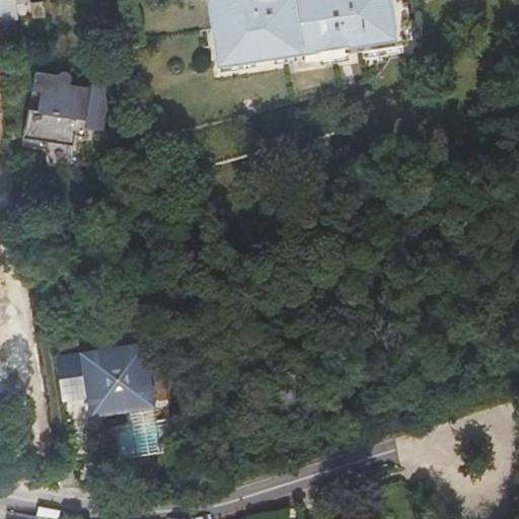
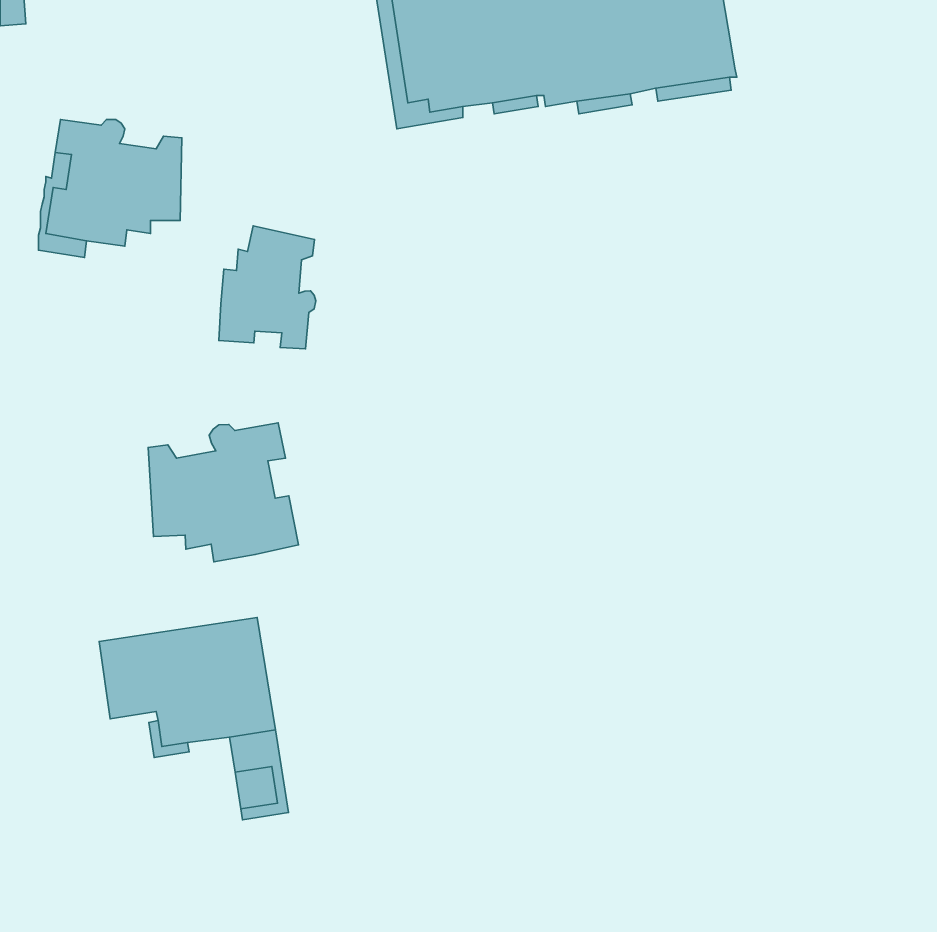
building: none -> [219,226,316,349]
building: none -> [148,423,299,562]

